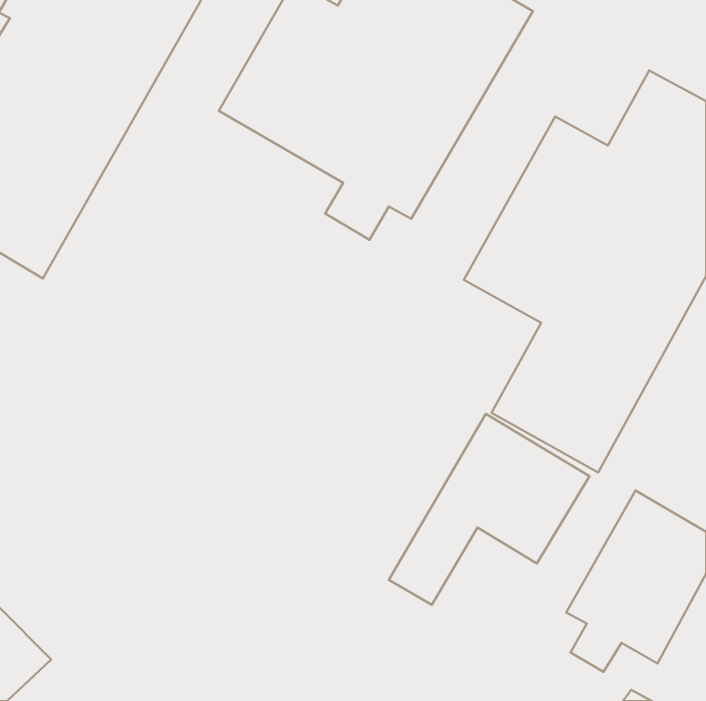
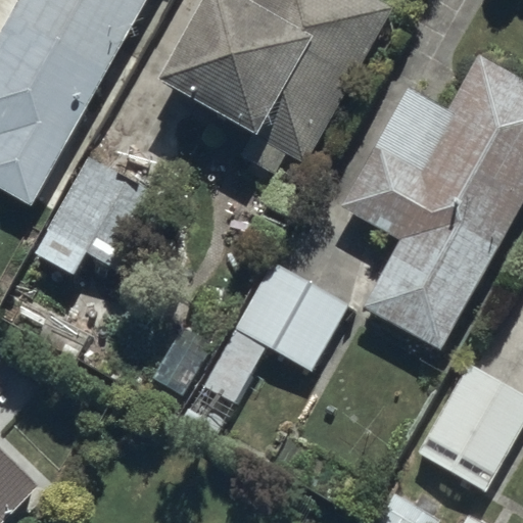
building: none -> [34,155,170,275]
building: [389,414,590,605] -> [201,259,349,400]

